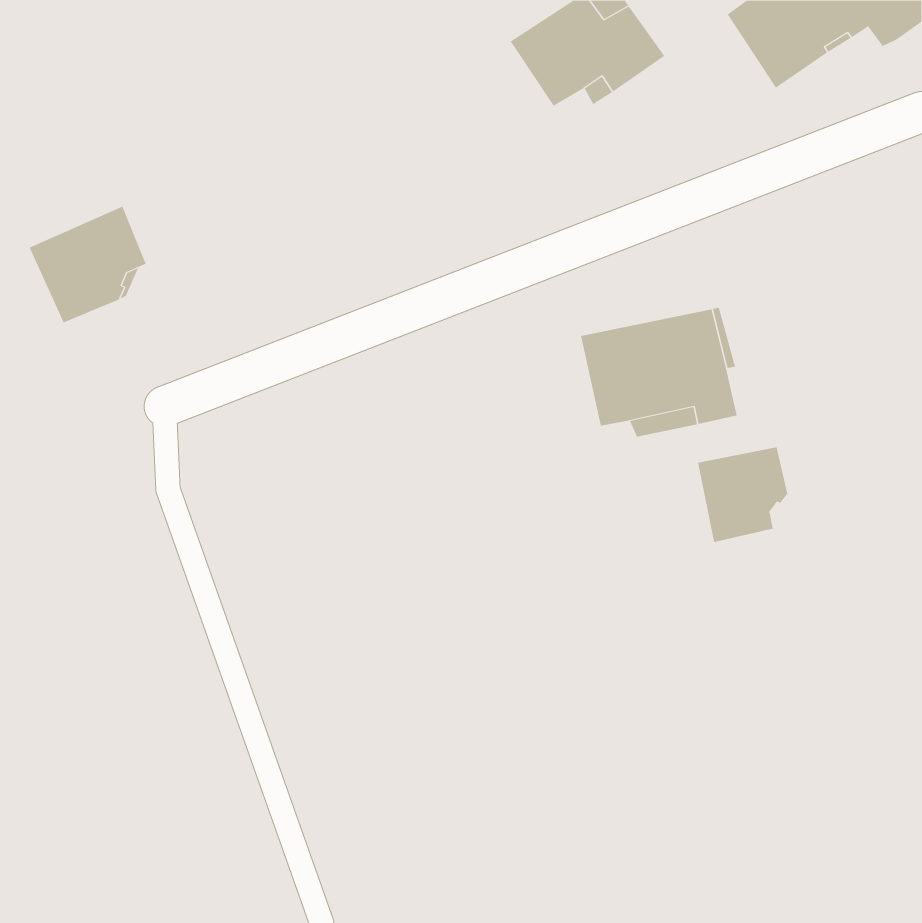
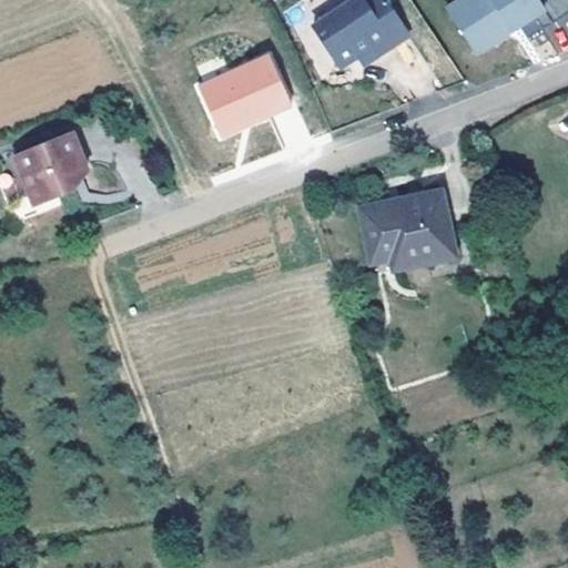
building: none -> [197,54,291,138]
building: [697,447,788,543] -> none

